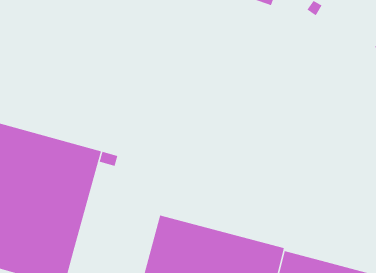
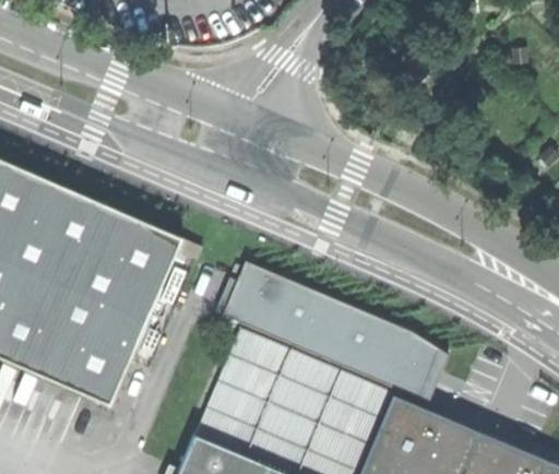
building: none -> [224,261,449,401]

